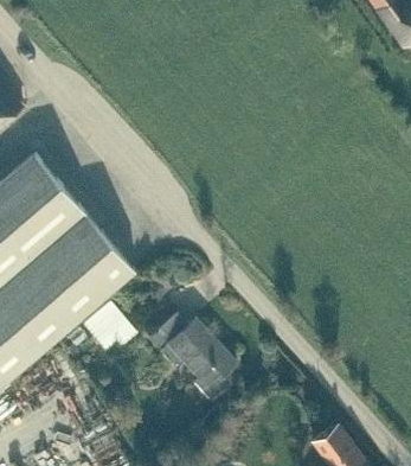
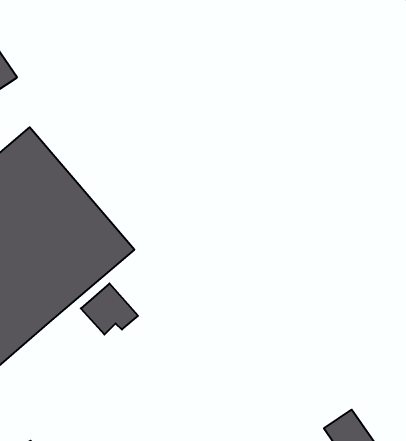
building: [148,313,236,401] -> none

